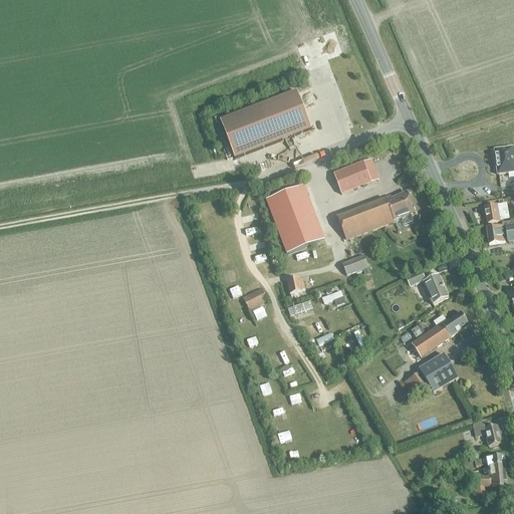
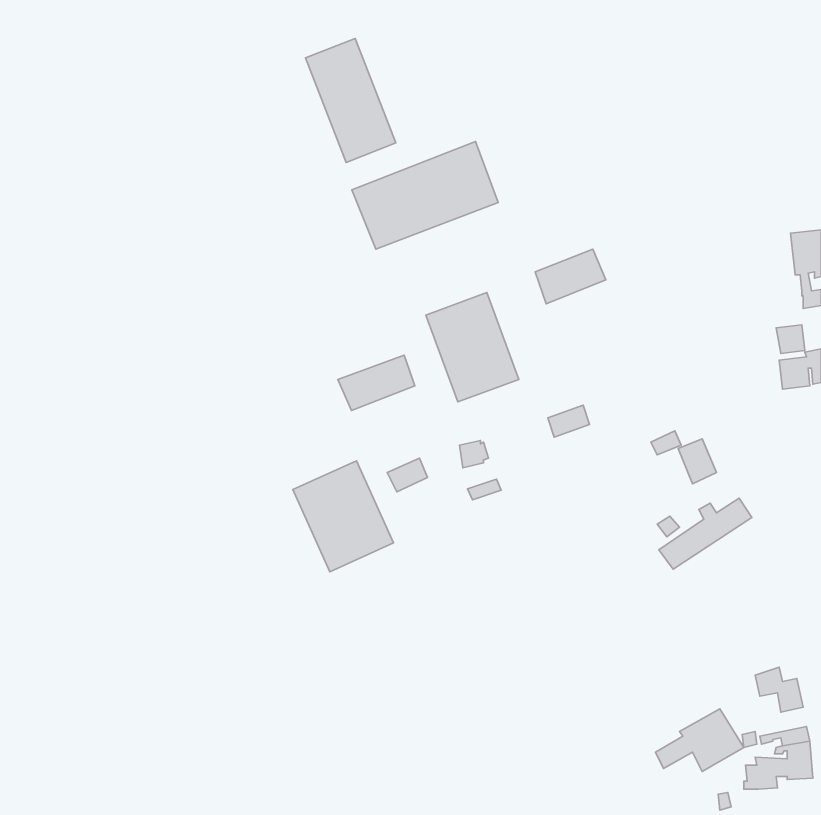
building: none -> [305,38,396,163]
building: [338,191,416,237] -> none
building: none -> [338,355,415,410]
building: none -> [293,461,393,572]
building: [404,352,459,392] -> [656,709,744,772]

